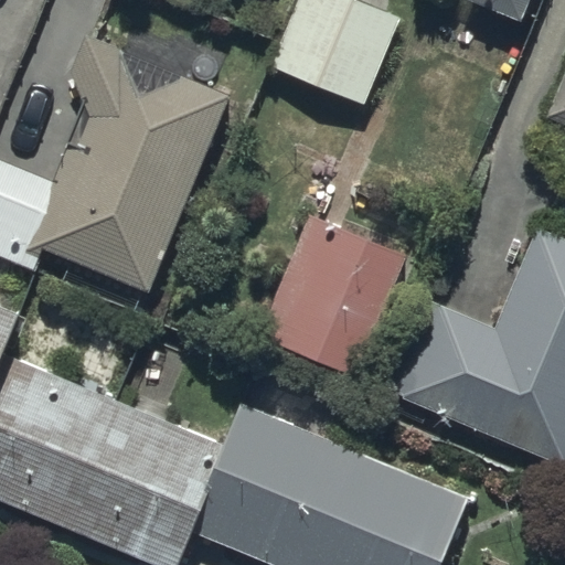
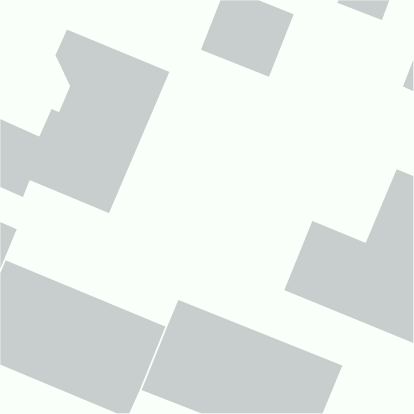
building: [259,212,408,376] -> none

